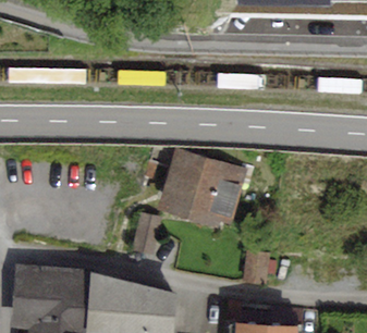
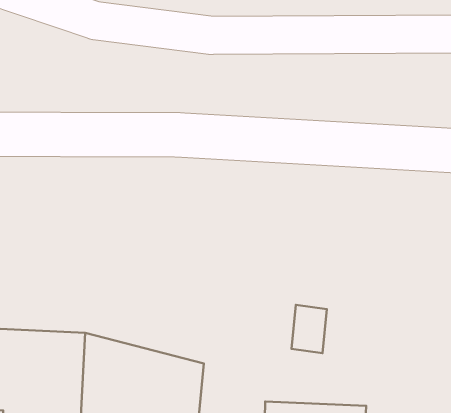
building: [156,146,247,227] -> none
building: [131,211,161,255] -> none

